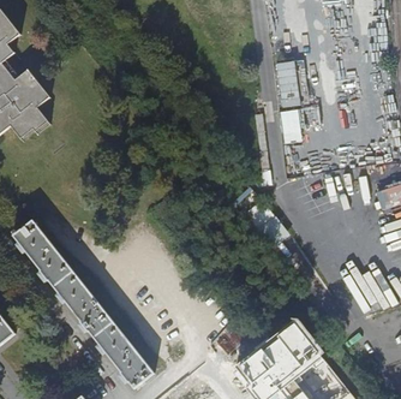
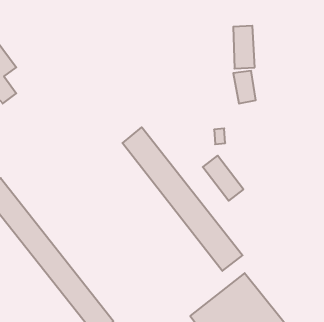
building: none -> [122,127,243,271]

